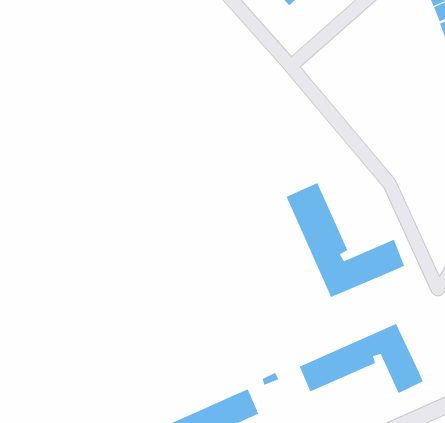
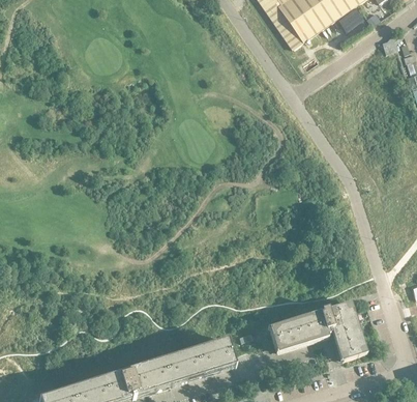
building: [286,182,405,298] -> none

